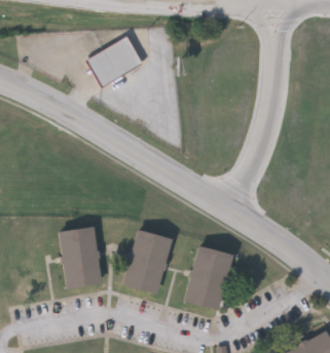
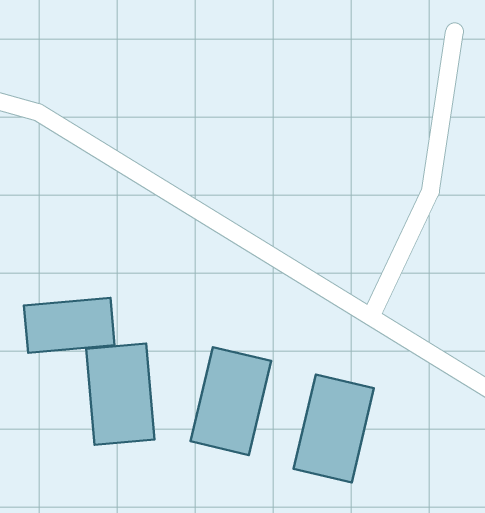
building: [88,37,144,85] -> none
building: none -> [24,298,115,353]

